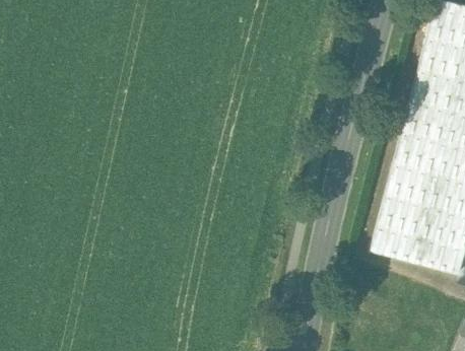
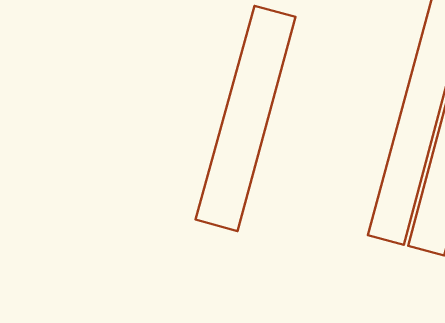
building: none -> [196,6,295,231]

